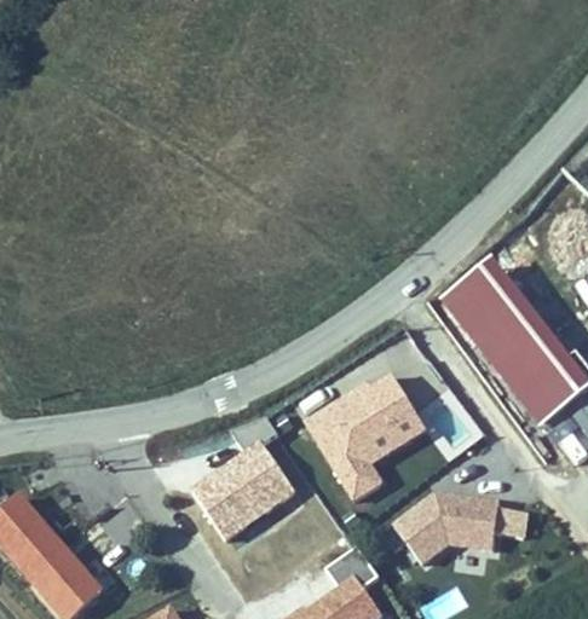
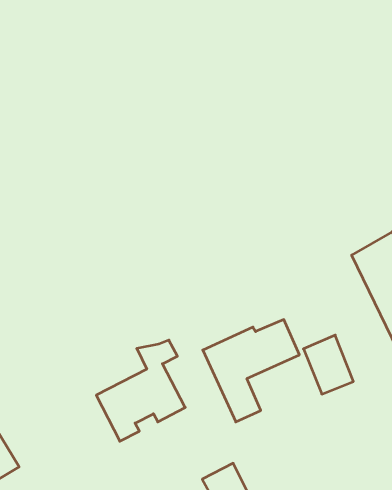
building: [391,497,523,565] -> none

